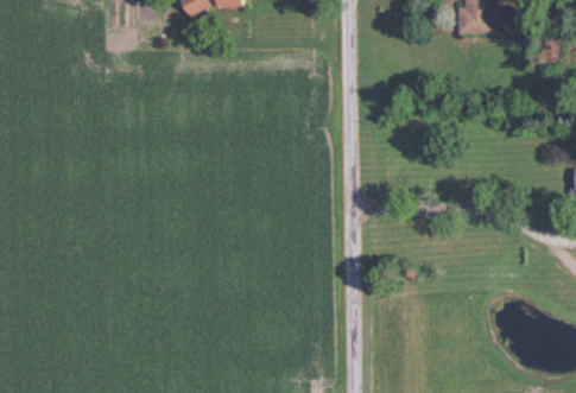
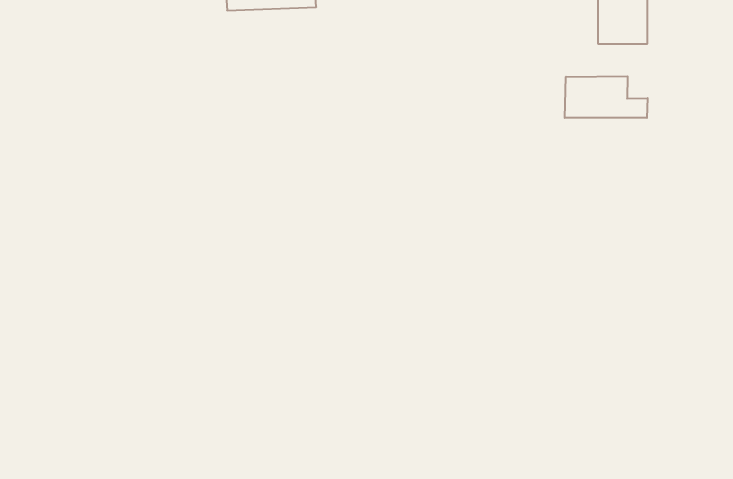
building: none -> [565,76,648,118]

